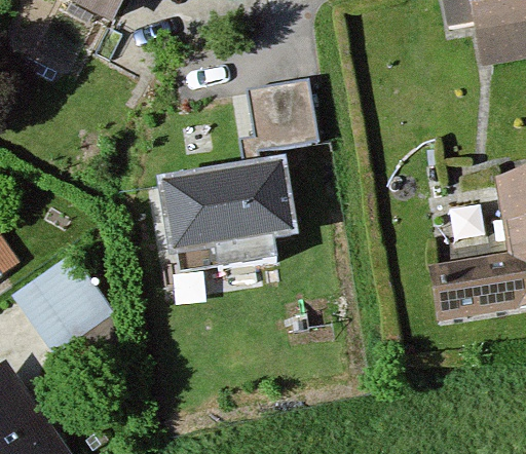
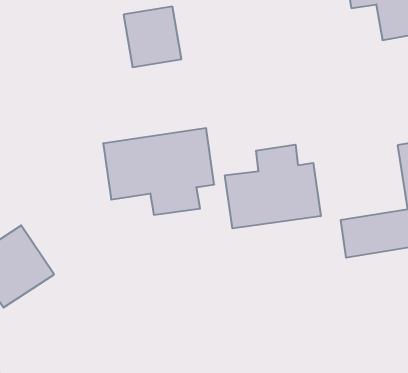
building: [251,79,317,149] -> [124,7,181,67]
building: none -> [225,145,321,228]

